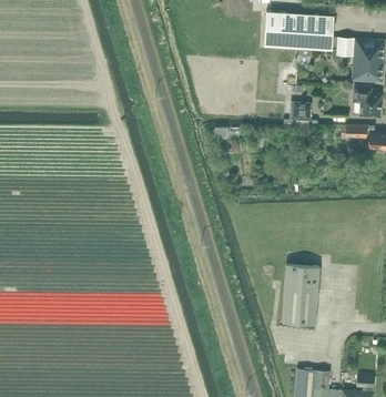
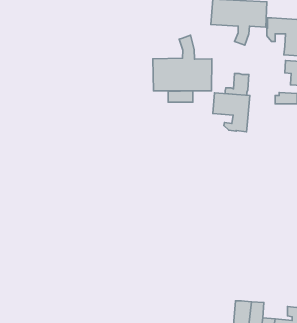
building: none -> [153,35,212,91]
building: none -> [213,93,250,132]
building: [282,266,319,324] -> none

